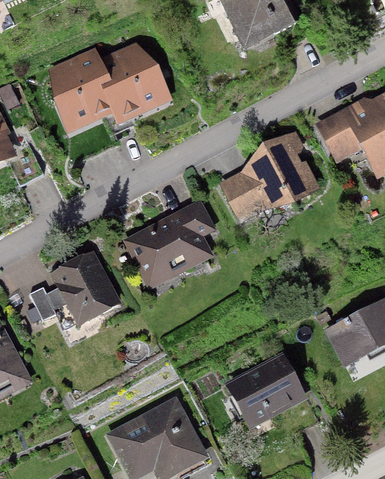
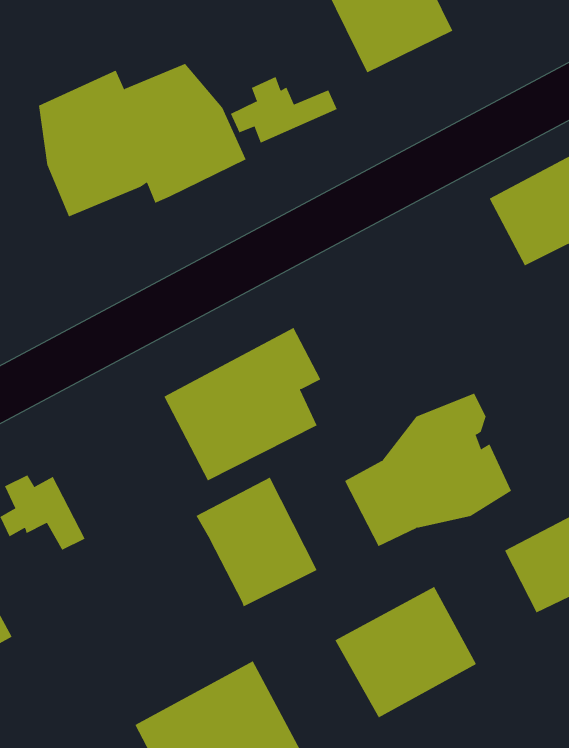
building: none -> [230,76,337,144]
building: [220,130,319,221] -> [344,393,512,547]
building: [50,249,122,326] -> [196,477,318,607]

